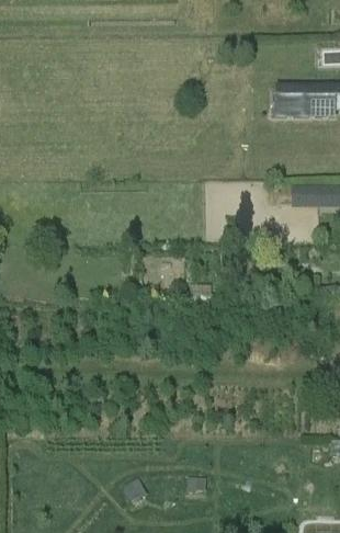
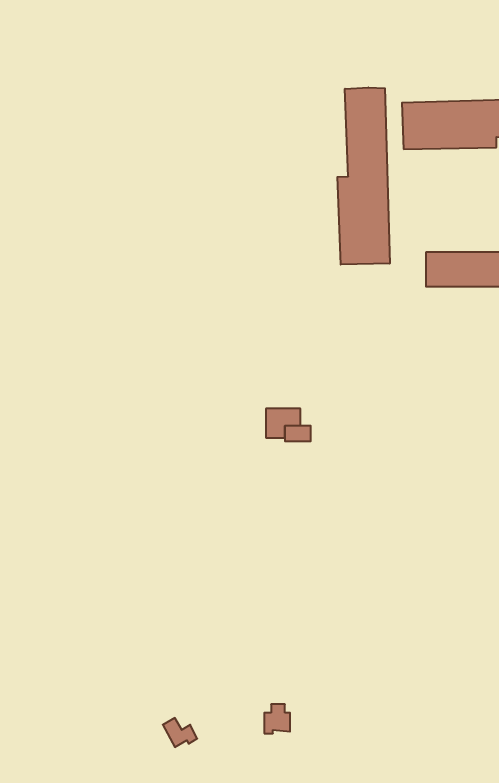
building: none -> [337,87,390,265]

